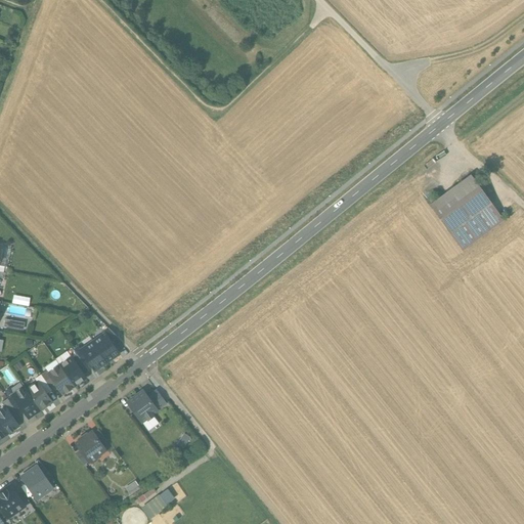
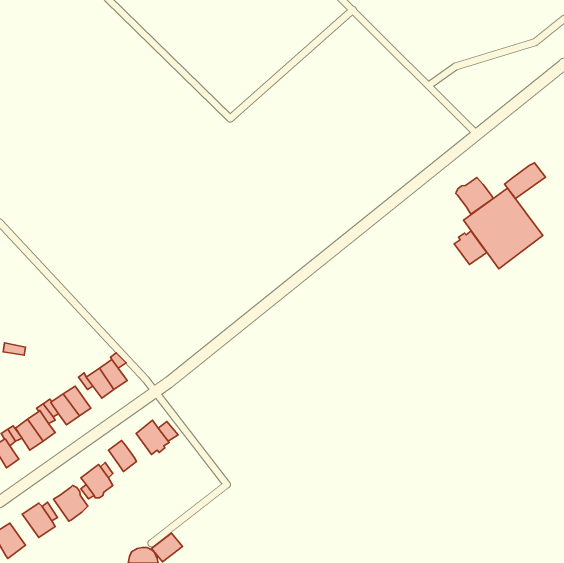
building: none -> [505,163,545,198]
building: none -> [456,178,493,214]
building: none -> [454,231,487,264]
building: none -> [109,440,136,471]
building: none -> [53,485,88,521]

